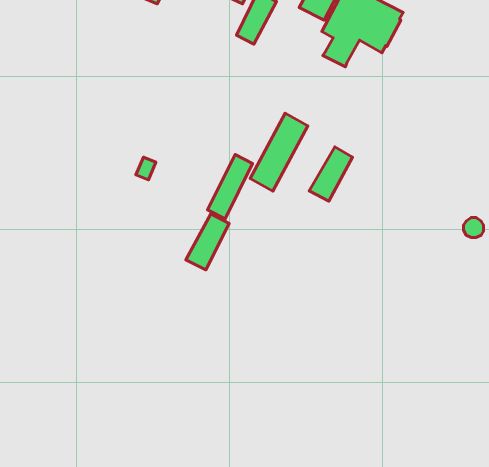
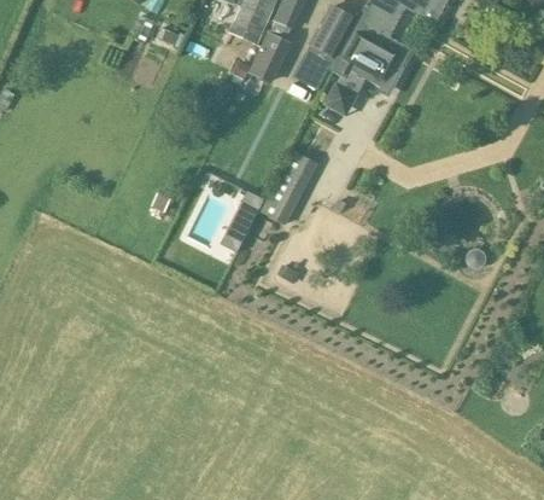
building: [309,147,353,201] -> none
building: [186,214,229,270] -> none

